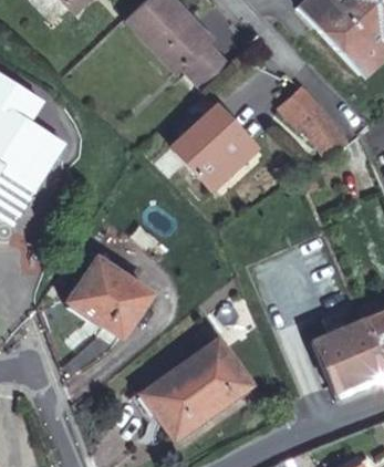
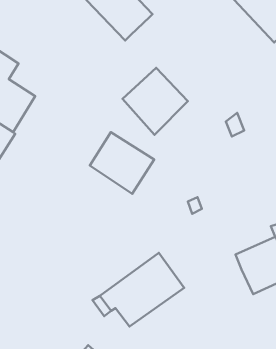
building: [181,42,228,87] -> none
building: [278,86,345,156] -> none
building: [70,258,151,335] -> [90,132,154,194]

